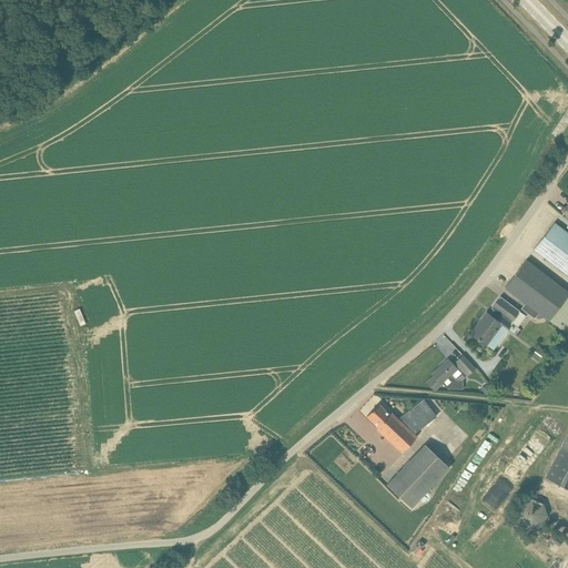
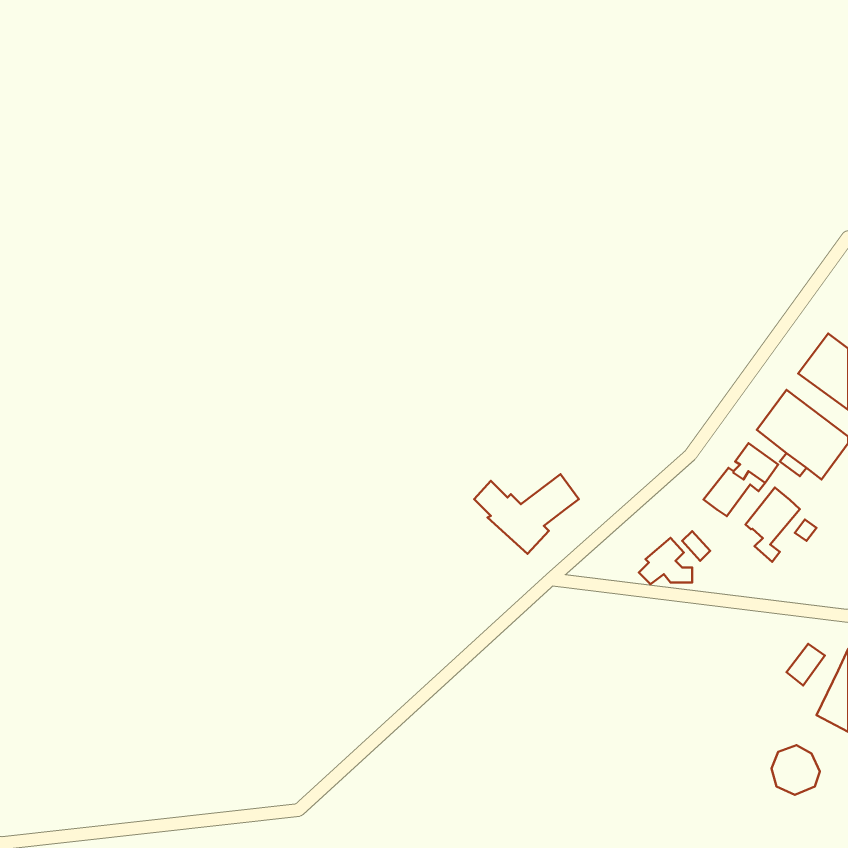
building: none -> [746,487,800,562]
building: [367,399,437,453] -> [474,474,579,554]
building: [387,444,449,508] -> none

